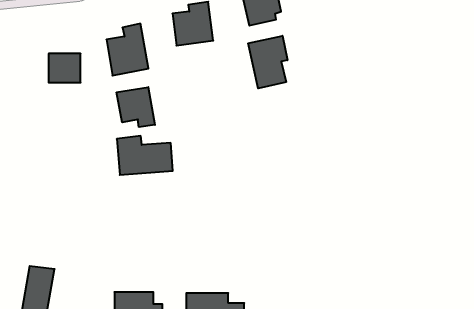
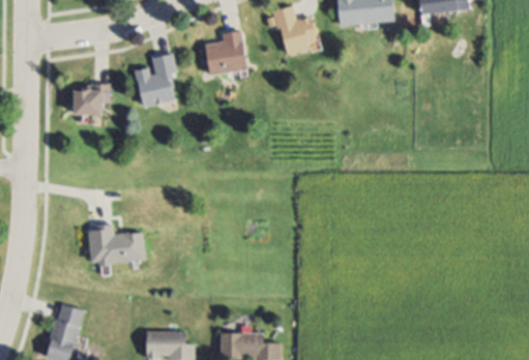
building: [248,36,287,88] -> none
building: [117,87,155,127] -> none
building: [117,136,173,175] -> [88,224,146,265]

